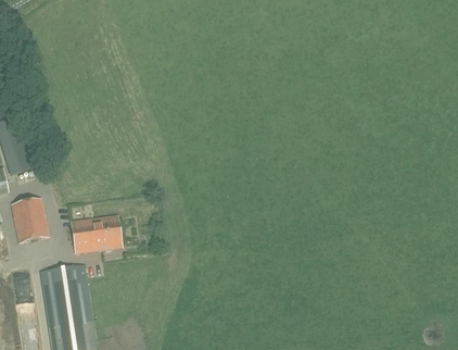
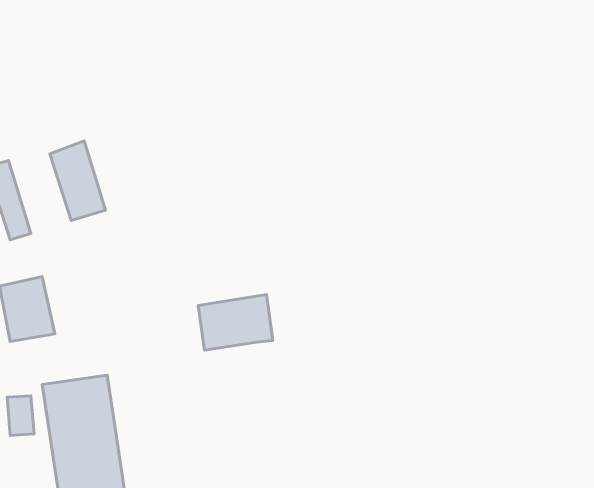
building: none -> [50,141,105,221]
building: [69,214,120,252] -> [198,295,273,350]

